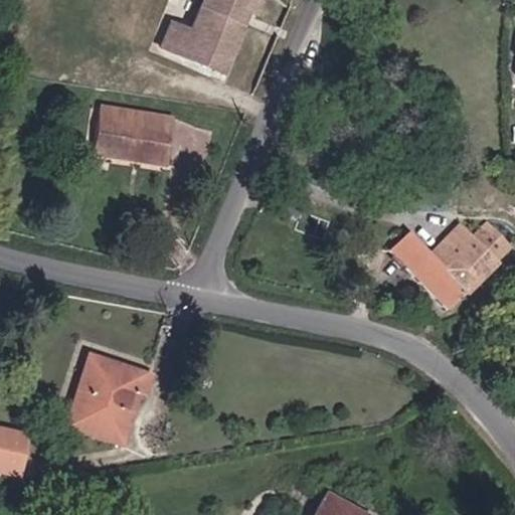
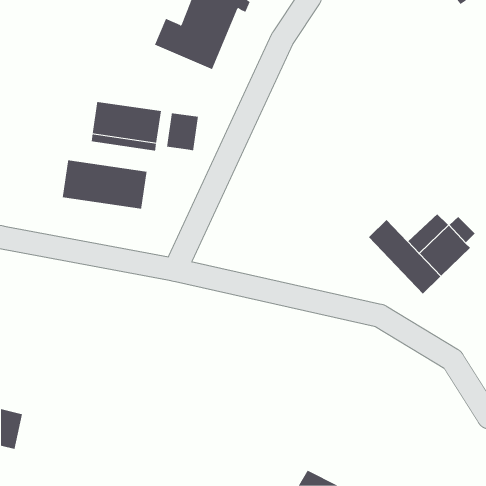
building: none -> [167,112,199,151]
building: none -> [62,159,147,210]
building: [67,355,151,443] -> none

